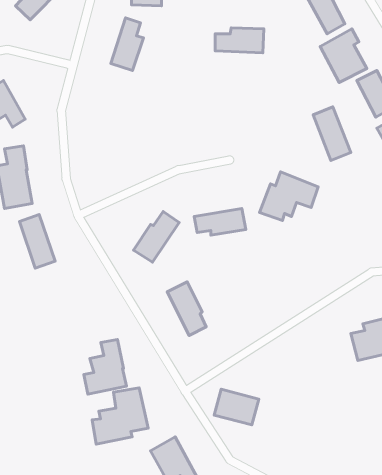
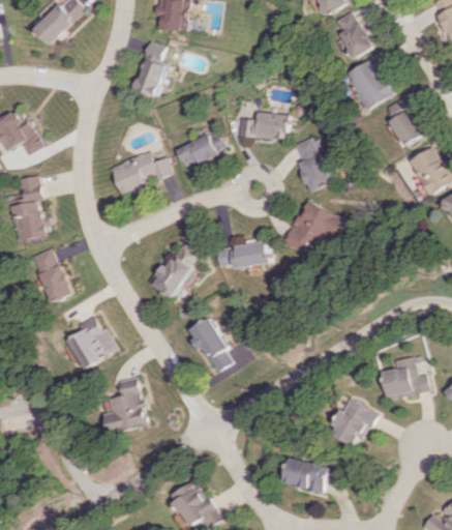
building: [215,28,264,53] -> [235,113,285,139]
building: none -> [174,131,223,168]
building: [313,107,351,160] -> [292,137,331,193]
building: none -> [108,151,170,196]
building: none -> [67,315,117,370]
building: none -> [330,399,375,448]
building: [92,388,148,444] -> none
building: [214,389,259,425] -> [281,457,328,494]

